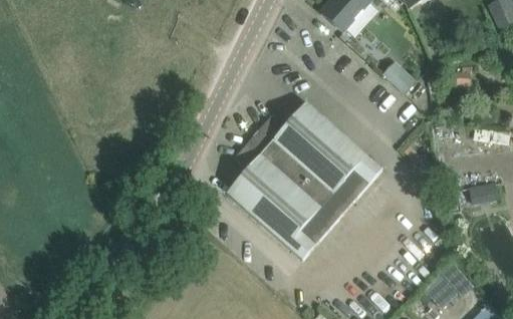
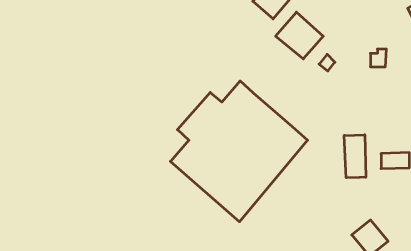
building: none -> [276,12,323,59]
building: none -> [344,135,366,178]

